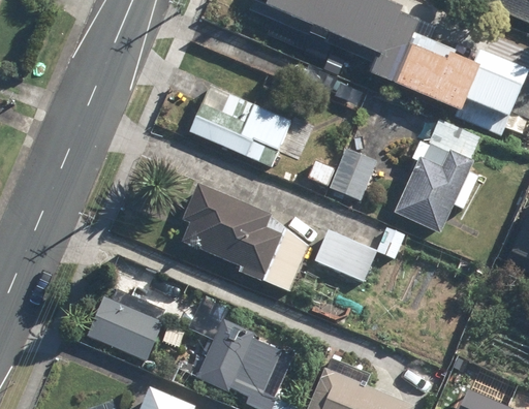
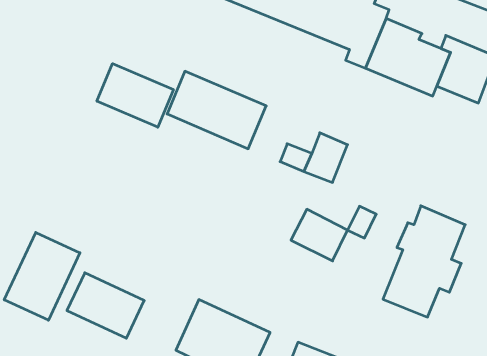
building: none -> [97,64,173,127]
building: [394,117,479,232] -> [383,206,465,317]
building: [177,181,312,291] -> none
building: none -> [4,232,80,320]

